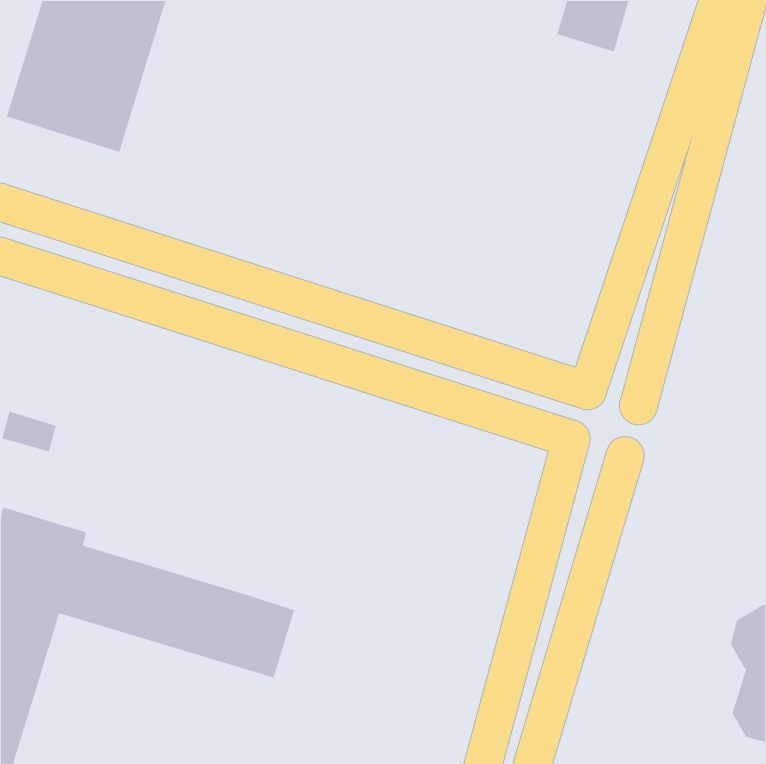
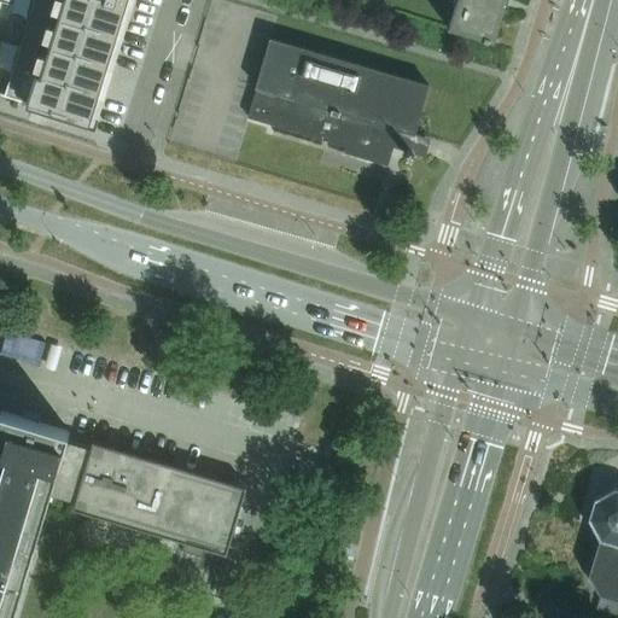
building: none -> [249,39,428,165]

